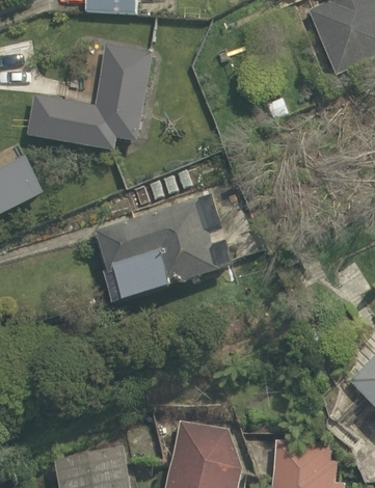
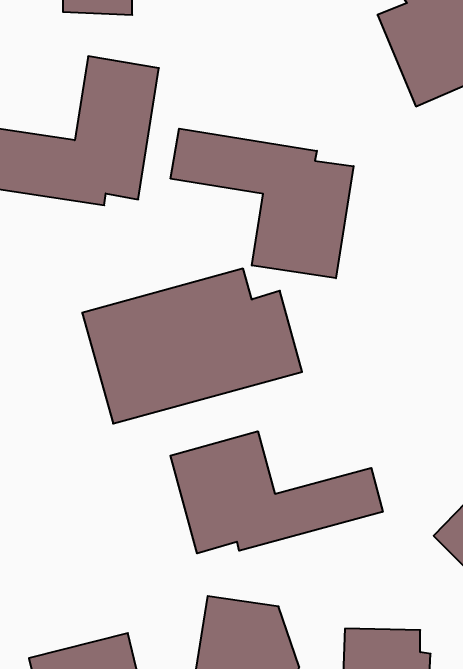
building: none -> [171,129,354,278]
building: none -> [170,431,383,553]

